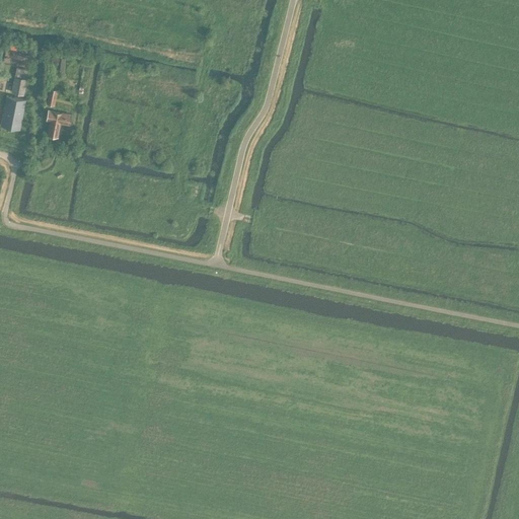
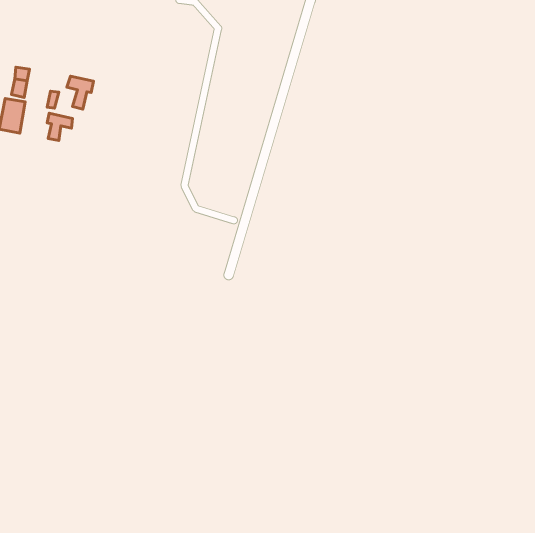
building: none -> [67,76,94,109]

